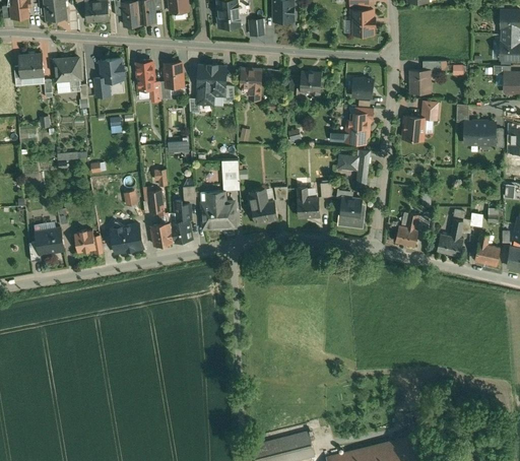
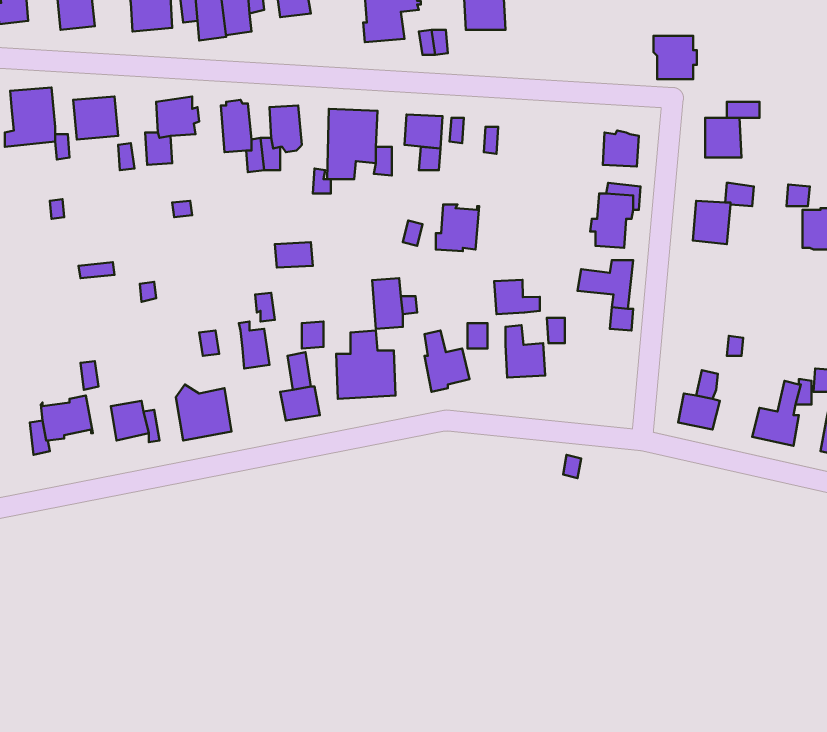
building: [350,9,375,34] -> [654,36,697,79]
building: [297,72,321,98] -> [436,204,479,251]
building: none -> [494,280,540,314]
building: [338,196,364,226] -> none
building: [150,221,174,244] -> none

